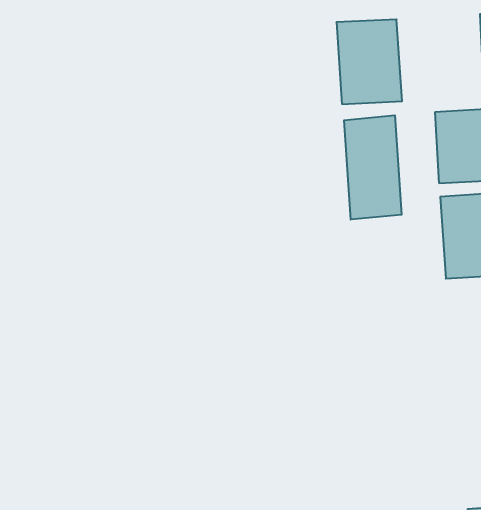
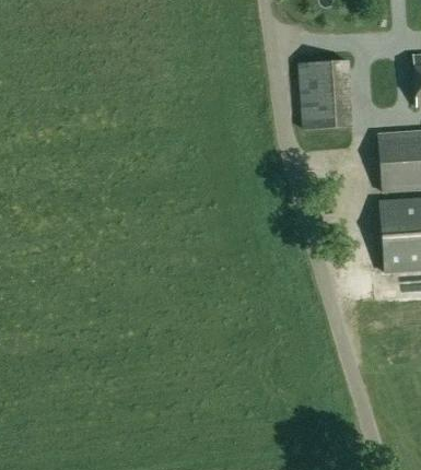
building: [344,115,402,220] -> none

